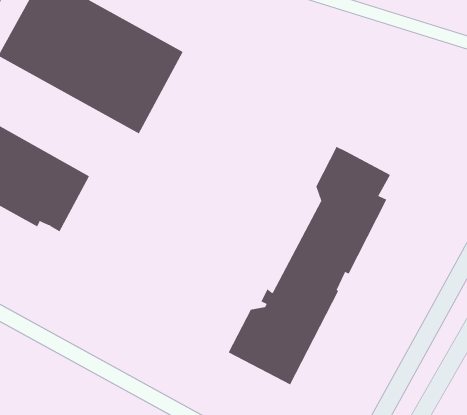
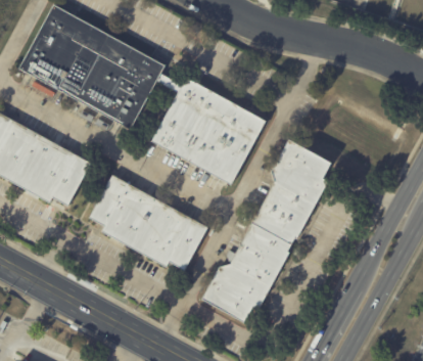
building: none -> [153,78,268,186]
building: none -> [90,175,208,271]

